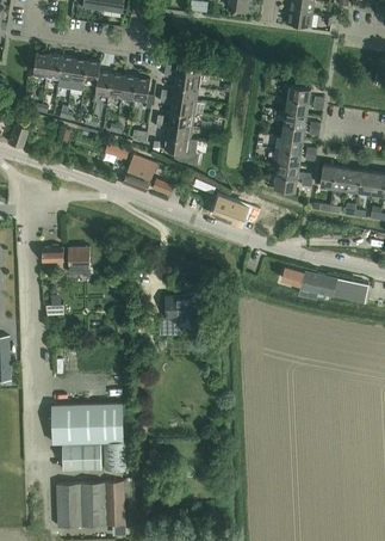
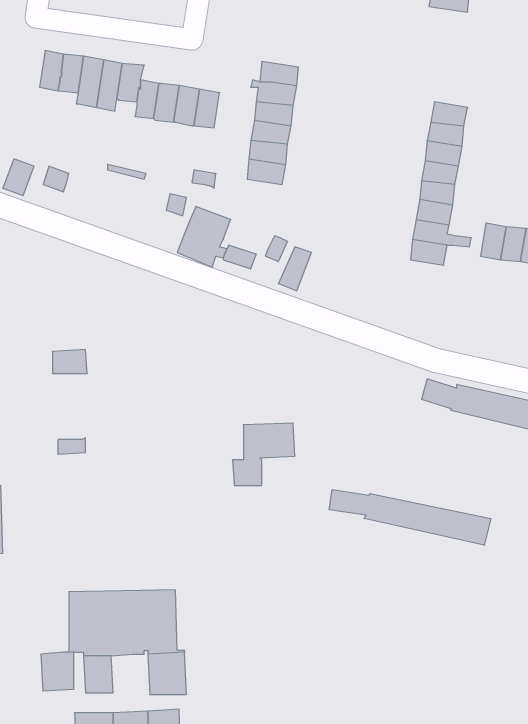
building: [166,136,200,165] -> none
building: [212,197,247,225] -> none
building: [69,247,91,276] -> none
building: none -> [329,490,491,545]
building: [80,445,101,471] -> [41,652,74,691]

